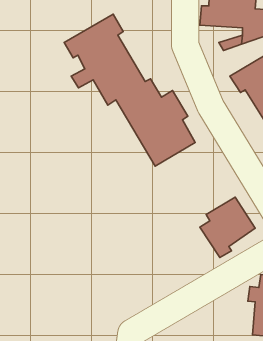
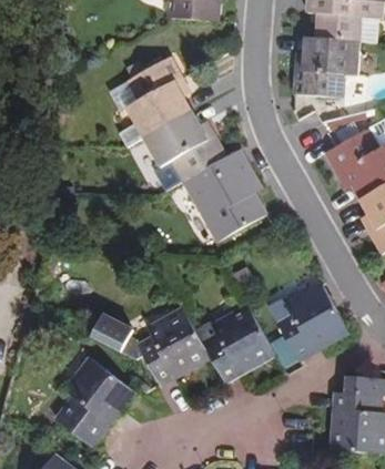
building: none -> [93,305,272,385]
building: none -> [61,361,133,449]

